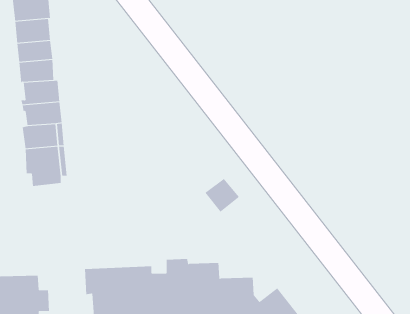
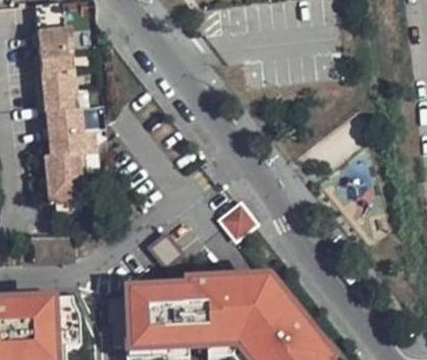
building: none -> [207,278,295,323]

